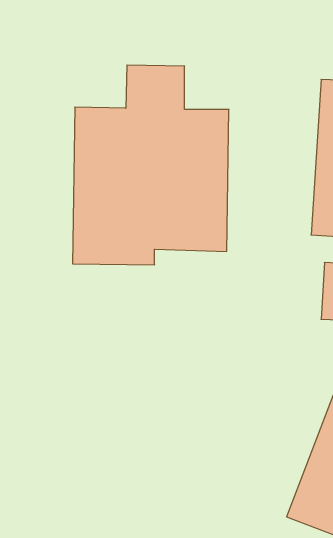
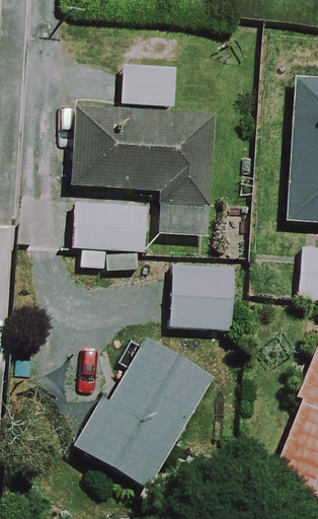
building: none -> [171,263,237,328]
building: none -> [74,331,216,490]

